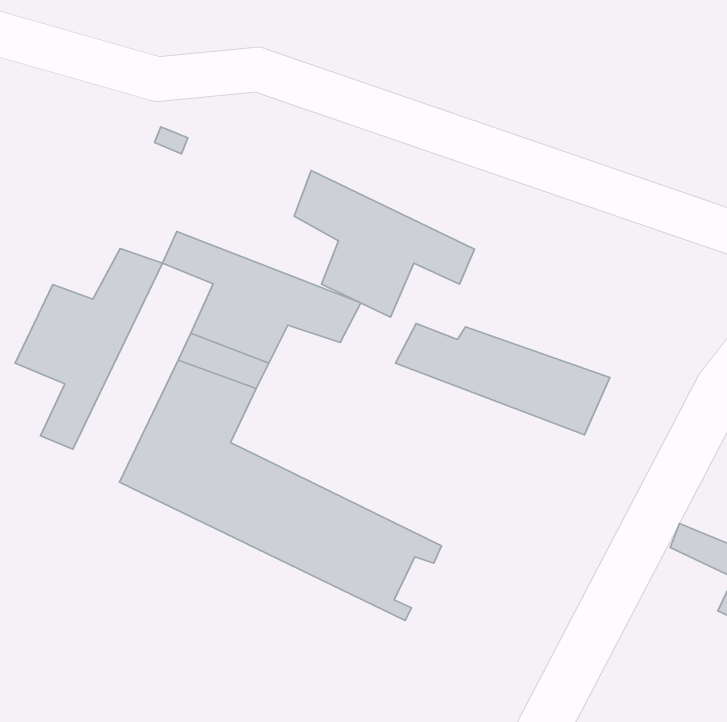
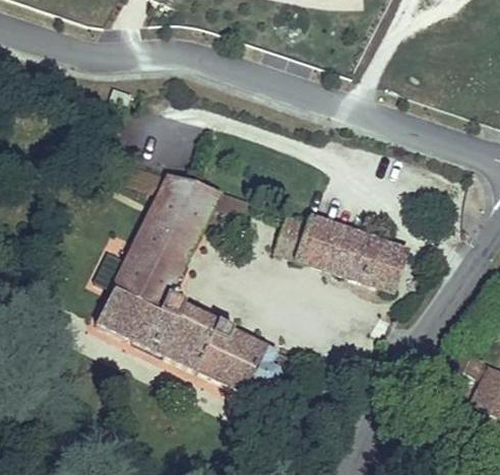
building: [294,170,474,317] -> none
building: [15,249,162,449] -> none

